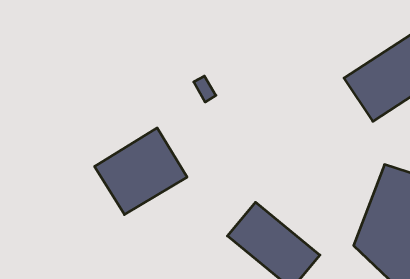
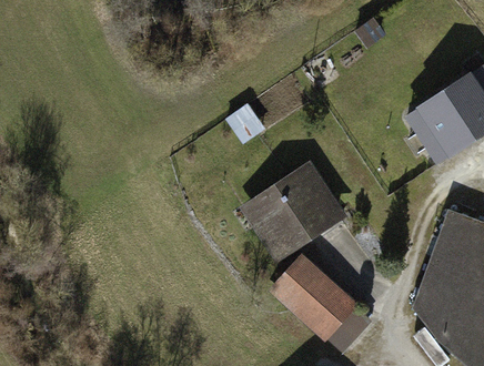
building: [95,128,187,215] -> [240,163,346,263]

